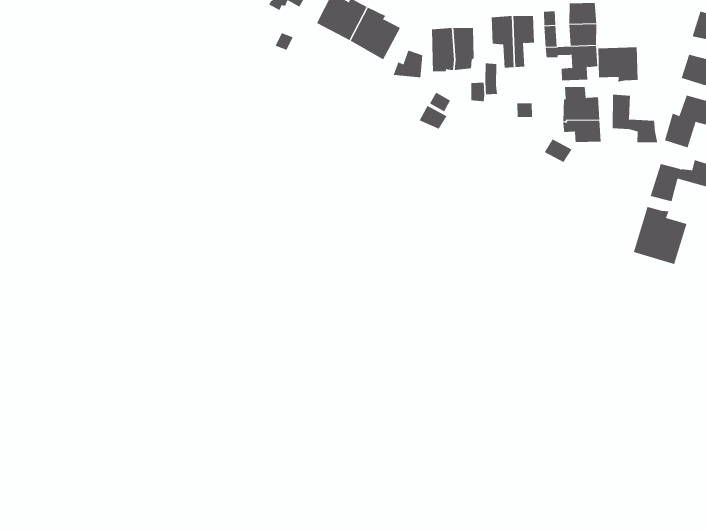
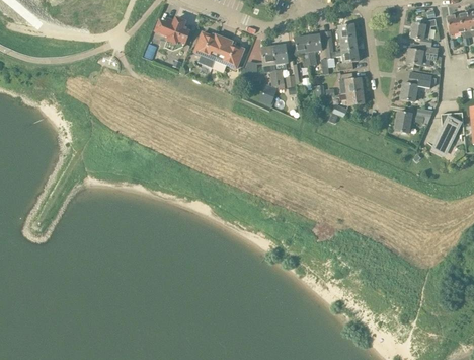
building: [598,46,638,83] -> none
building: [612,94,658,143] -> none
building: [633,206,687,265] -> none

